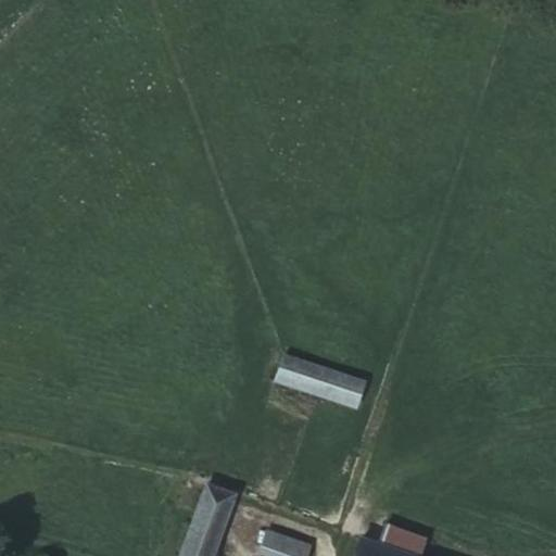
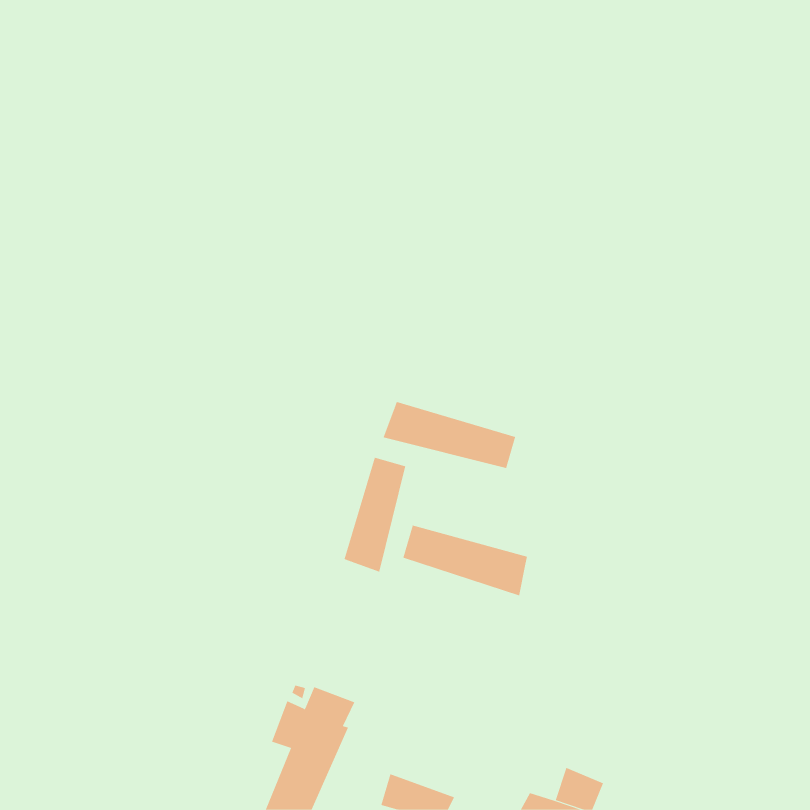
building: none -> [383,401,516,469]
building: none -> [344,457,406,573]

